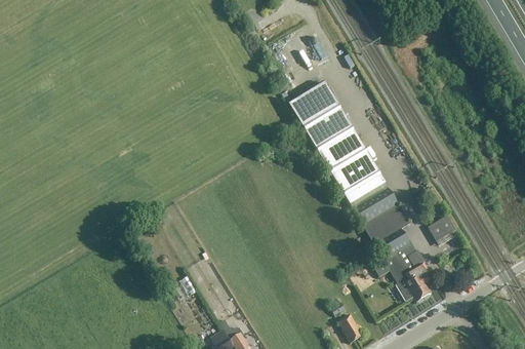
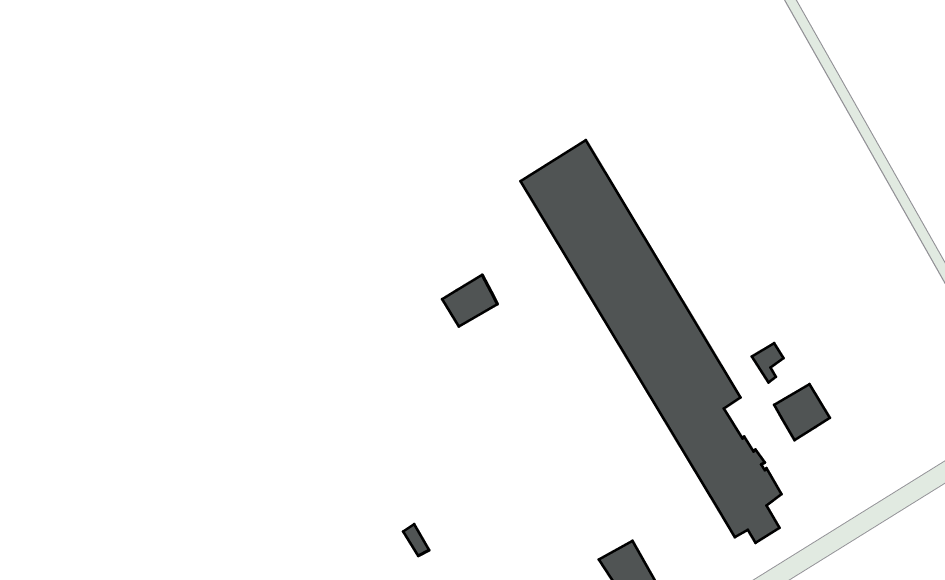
building: none -> [442,275,498,327]

